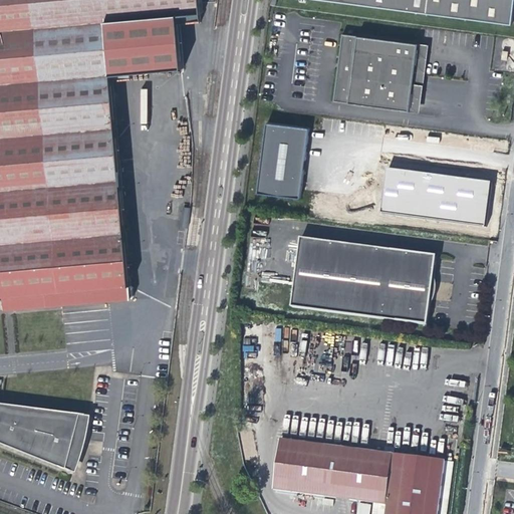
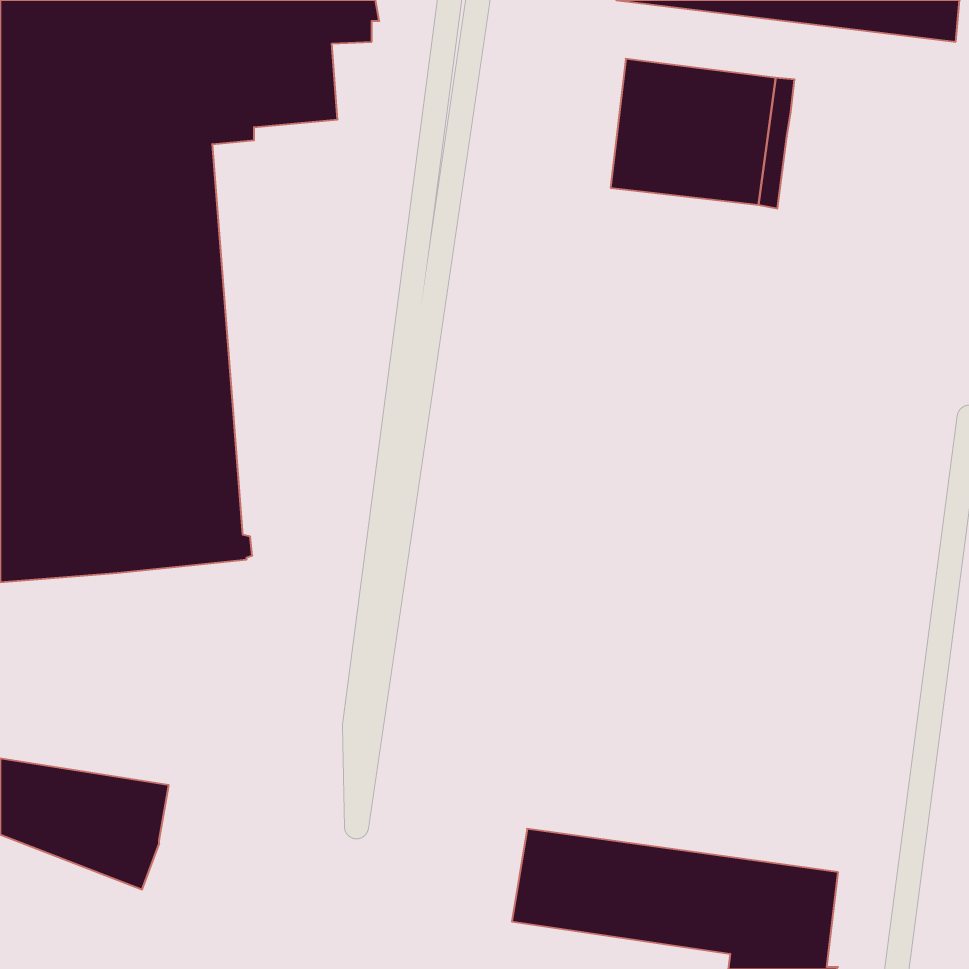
building: [253,122,304,198] -> none
building: [380,167,490,225] -> none
building: [287,238,432,323] -> none

